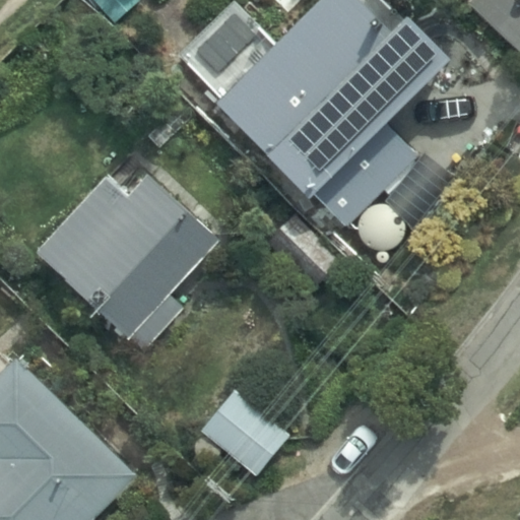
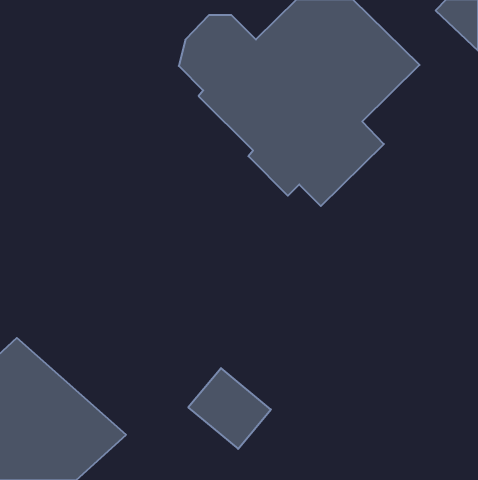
building: [35,171,222,343] -> none

